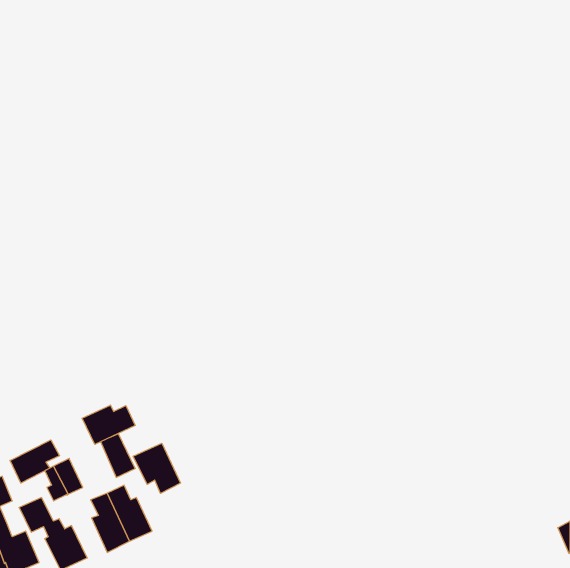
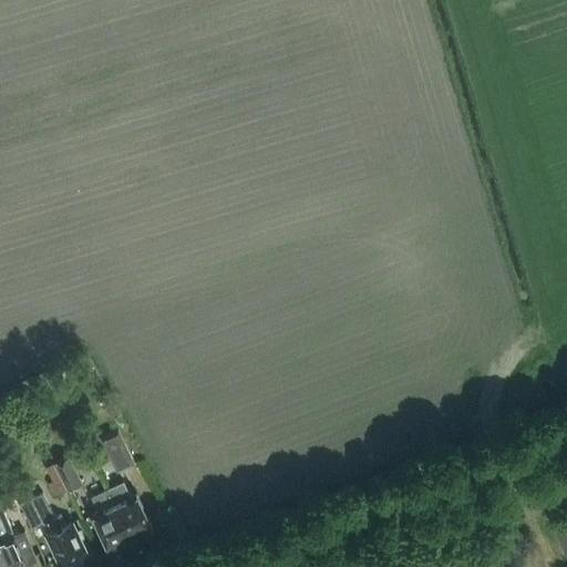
building: [82,405,135,444] -> none
building: [10,440,60,483] -> none
building: [133,443,180,493] -> none

